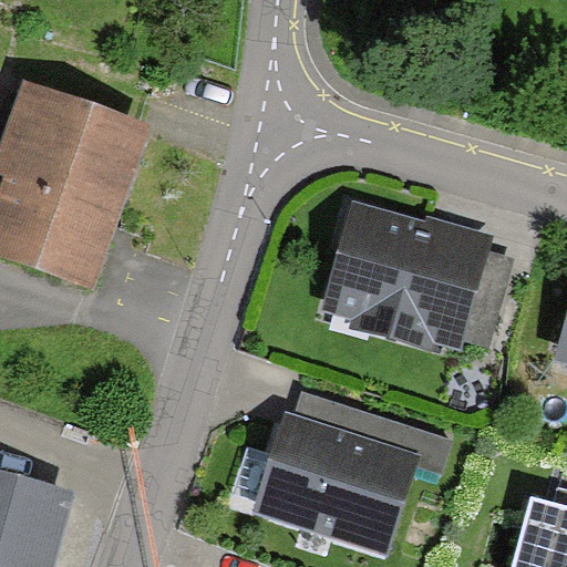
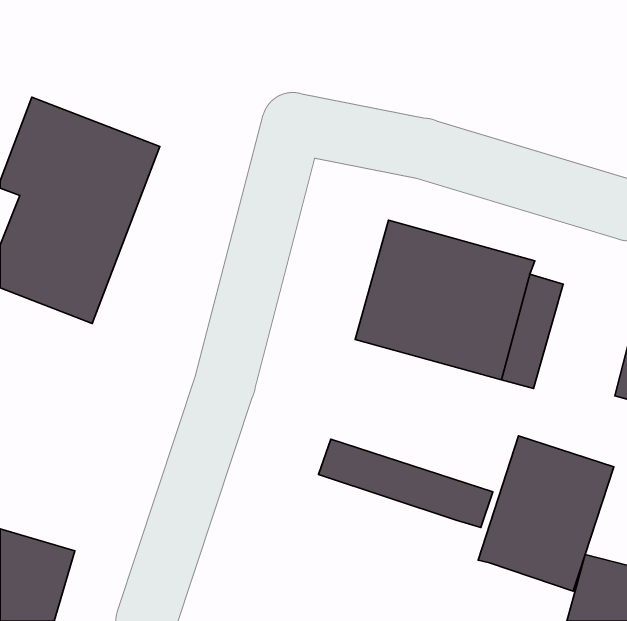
building: none -> [478,436,614,591]
building: [261,427,412,547] -> none

